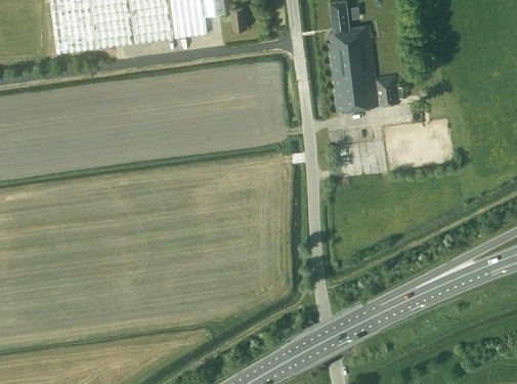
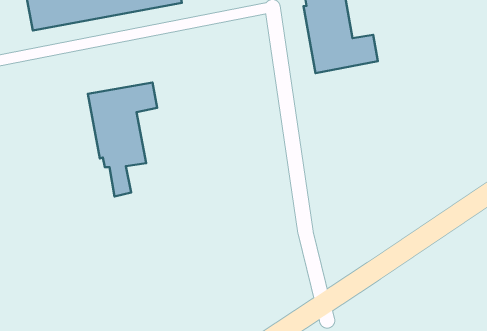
building: none -> [88,82,157,197]

